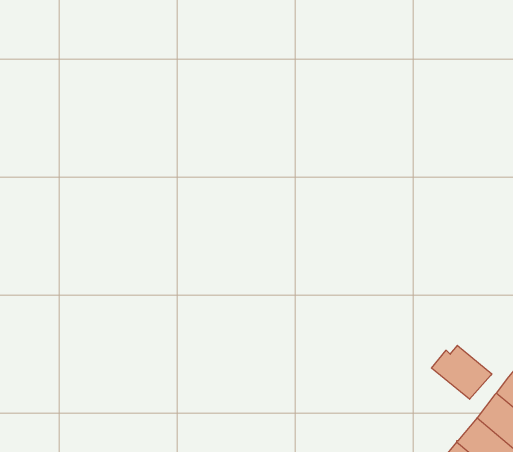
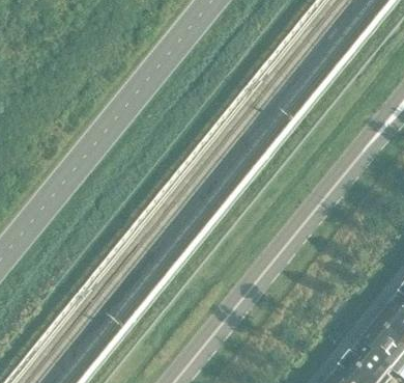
building: [431,345,492,399] -> none

